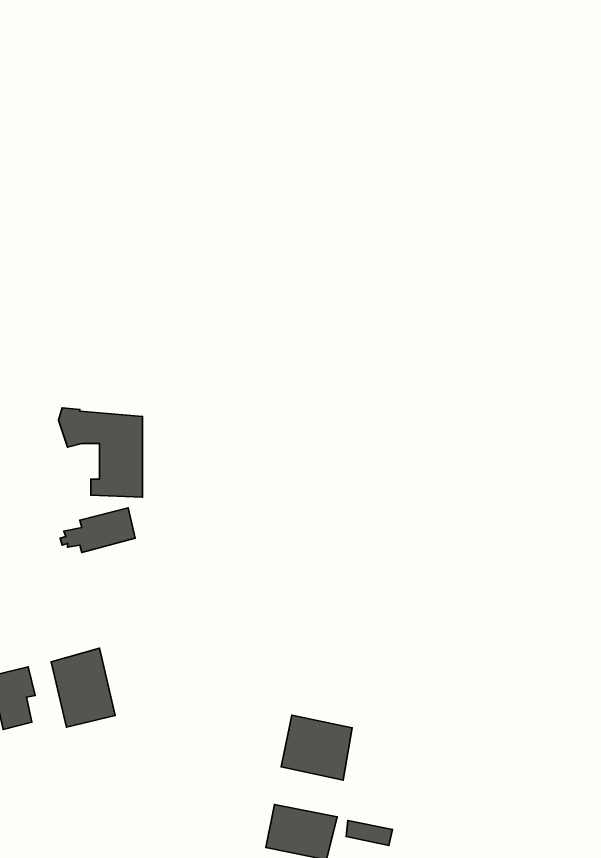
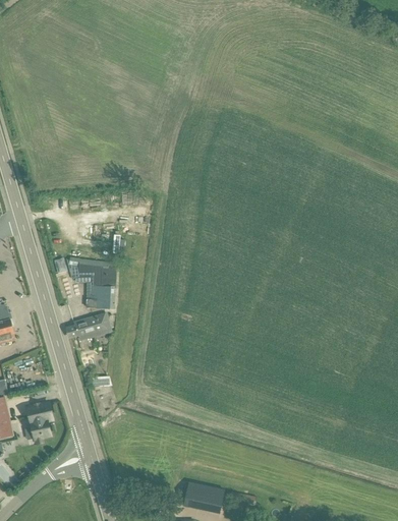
building: [51,648,115,727] -> none
building: [281,715,352,780] -> none

